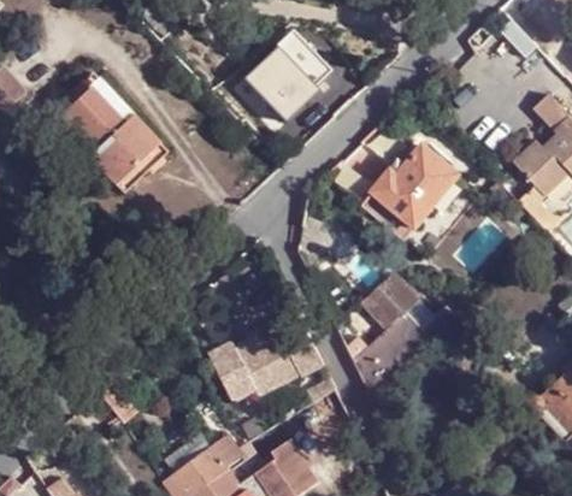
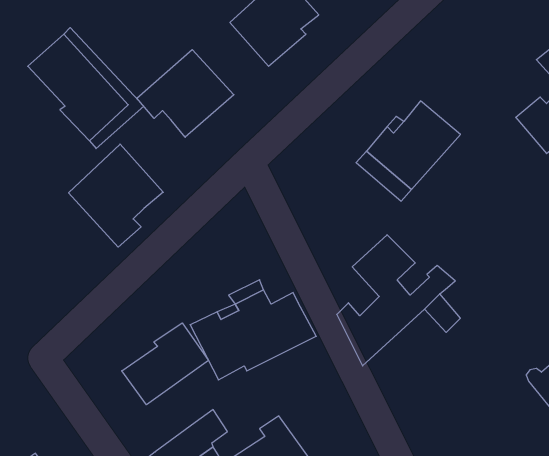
building: none -> [137,50,234,137]
building: none -> [69,144,163,247]
building: none -> [122,323,208,405]

